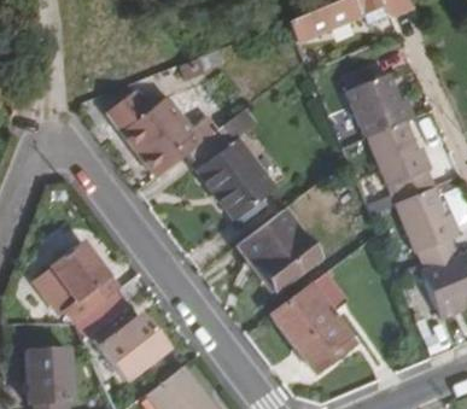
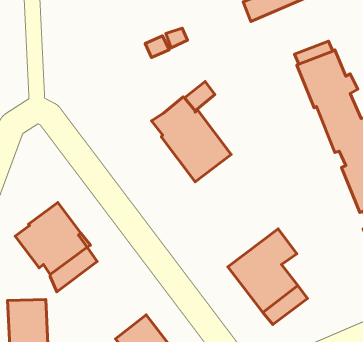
building: [104,89,199,176] -> none
building: [237,210,317,291] -> none
building: [95,316,164,379] -> none

